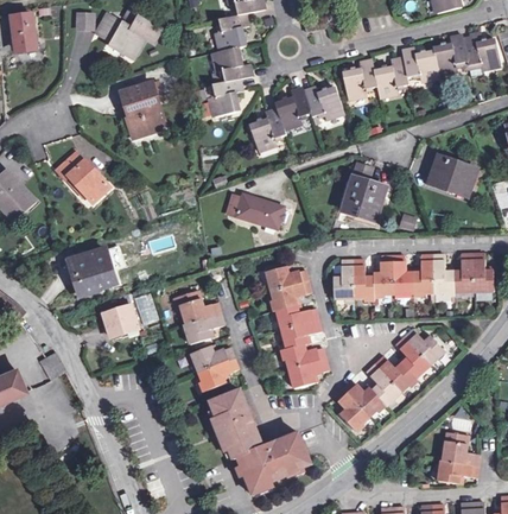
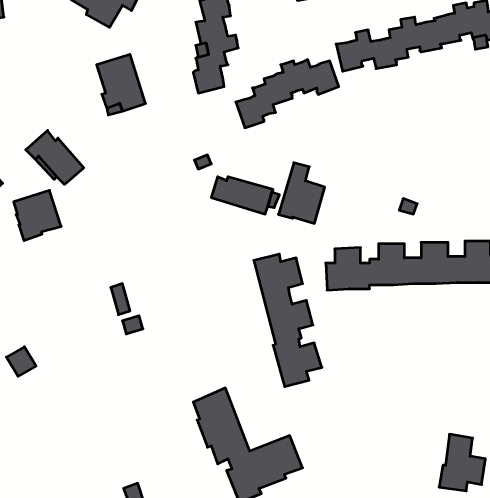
building: [433,157,476,196] -> none
building: [343,164,386,220] -> [278,163,325,223]
building: [72,249,116,296] -> [14,190,61,241]
building: [177,290,223,344] -> none
building: [102,304,138,336] -> none
building: [335,329,445,430] -> none
building: [191,344,239,391] -> none

